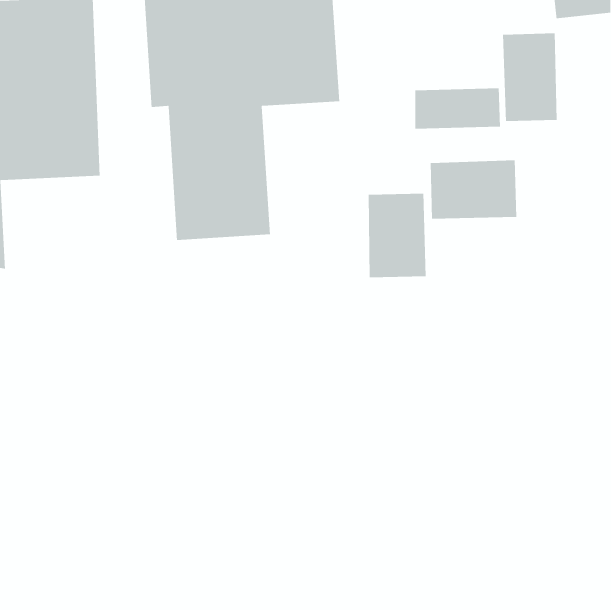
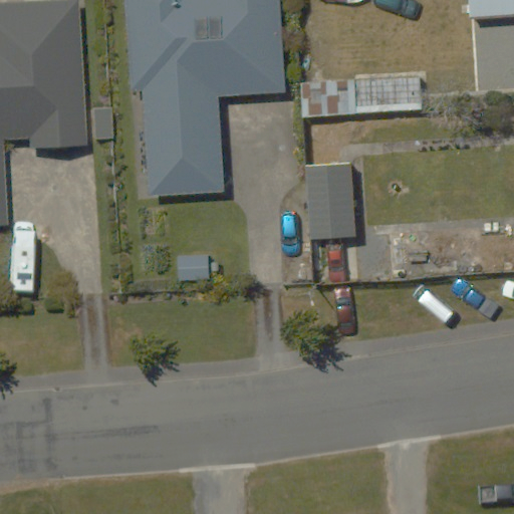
building: [502,33,557,122] -> none
building: [430,160,517,219] -> none

